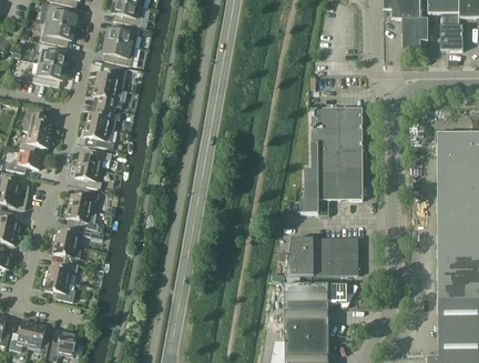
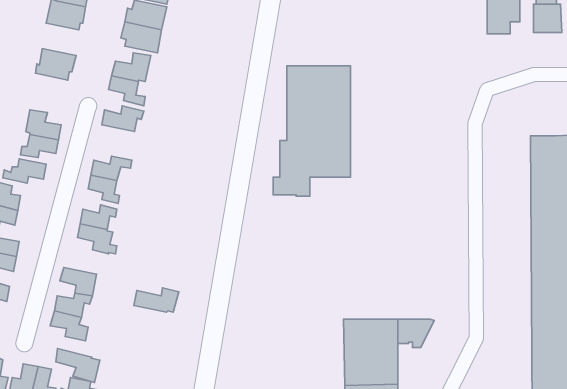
building: [38,44,68,68] -> none
building: [299,108,363,214] -> [273,66,350,196]
building: [83,124,114,149] -> none
building: [55,226,92,246] -> [134,288,179,312]
building: [285,238,358,274] -> none
building: none -> [56,349,100,382]

